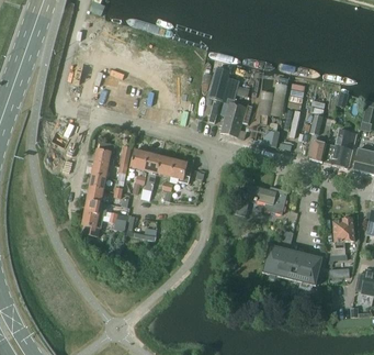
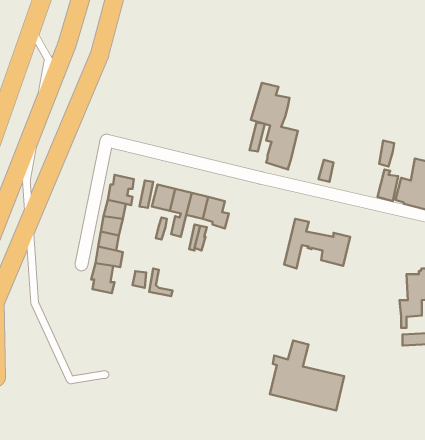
building: [262,229,321,285] -> [270,340,344,411]

